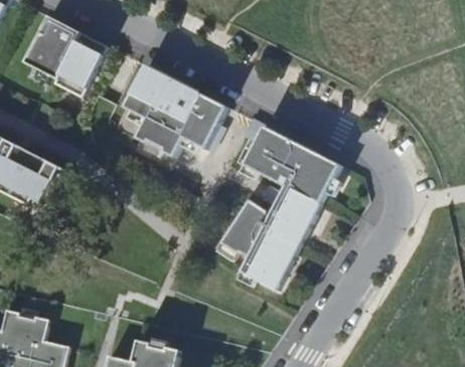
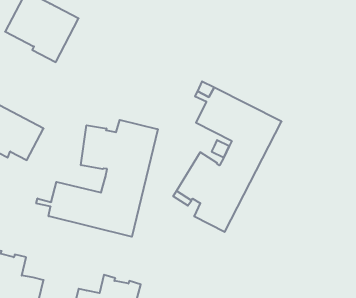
building: [123,63,227,157] -> none
building: none -> [36,120,158,237]

